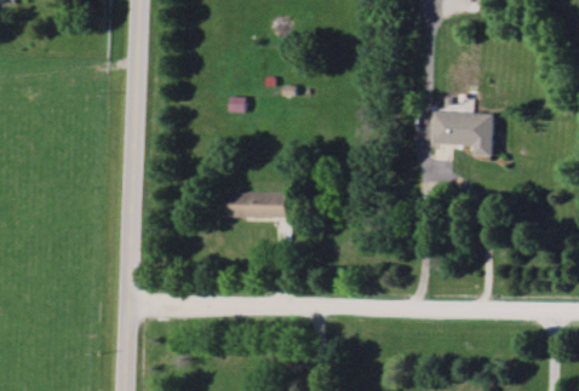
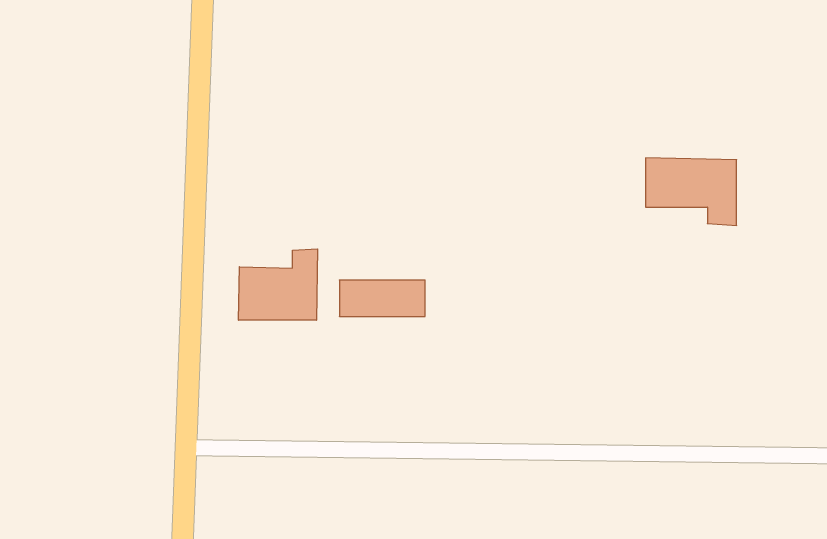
building: none -> [239,249,318,320]

